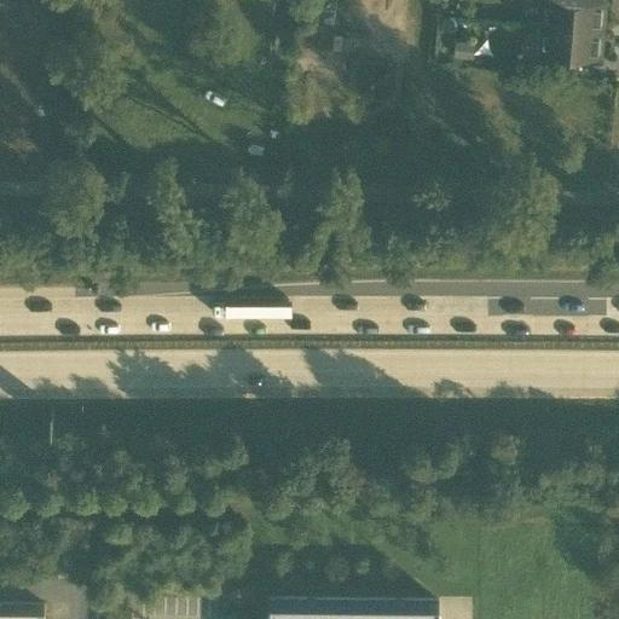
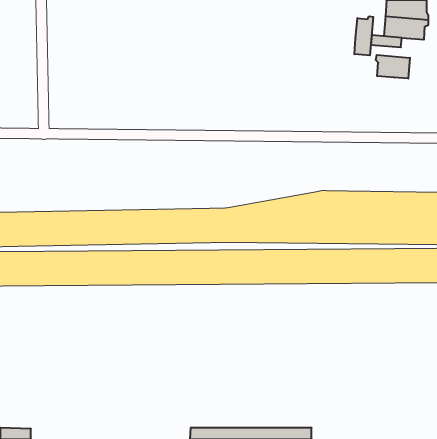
building: none -> [354,16,373,55]
building: none -> [376,55,410,79]

